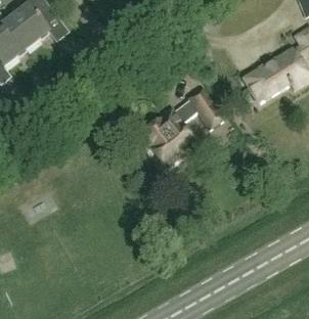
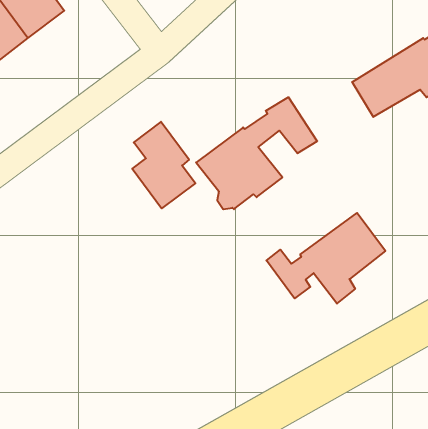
building: none -> [132,122,195,208]
building: none -> [266,213,385,304]

